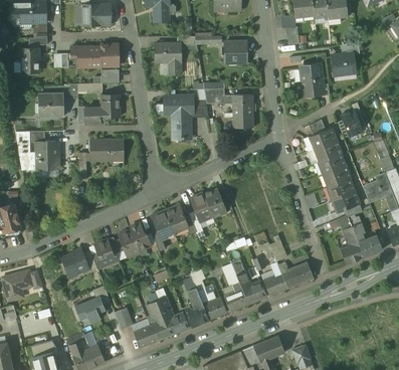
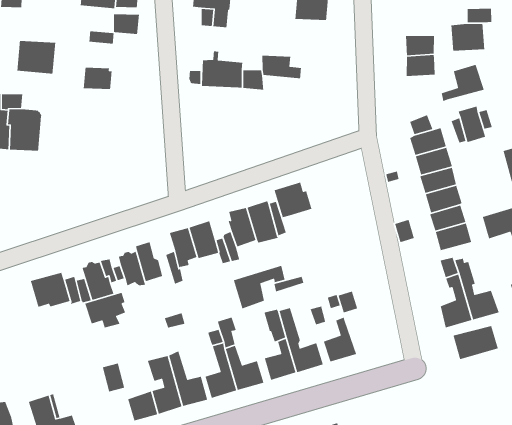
building: none -> [441,64,485,102]
building: [101,95,121,118] -> none
building: [232,95,253,128] -> none
building: [172,114,190,139] -> none
building: [89,141,124,161] -> none
building: none -> [273,181,313,218]
building: none -> [233,265,286,310]
building: none -> [452,325,499,360]
building: [277,262,313,288] -> none
building: [74,297,104,323] -> [84,292,126,329]

